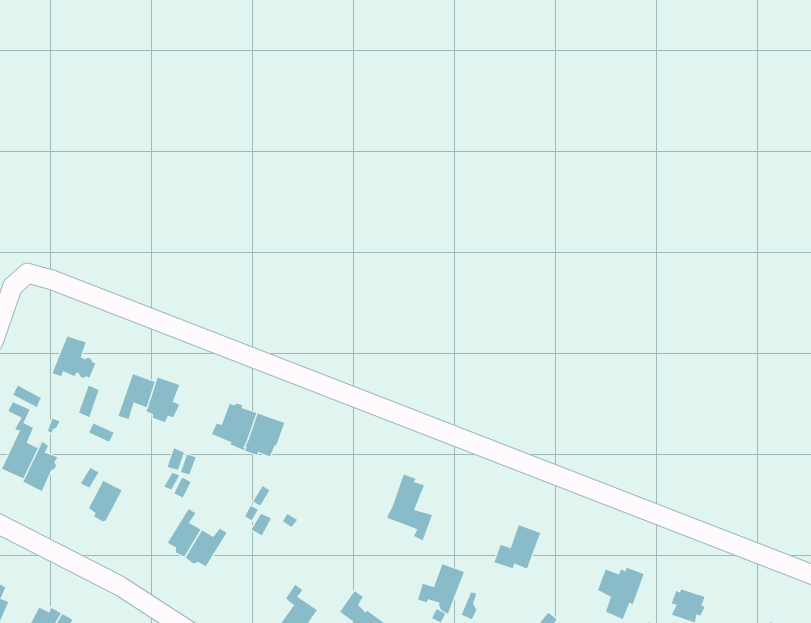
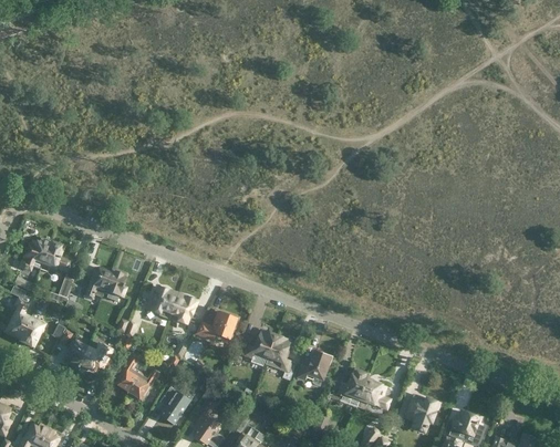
building: none -> [18,239,49,270]
building: none -> [195,311,237,340]
building: none -> [242,331,276,358]
building: none -> [75,343,111,371]
building: none -> [356,380,390,409]
building: none -> [159,386,189,424]
building: [417,564,465,614] -> [298,352,330,386]

